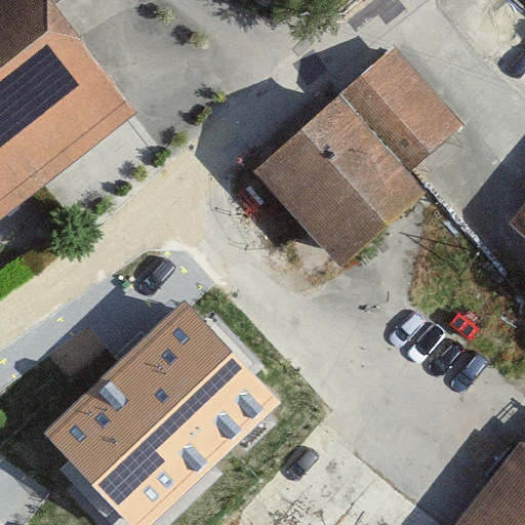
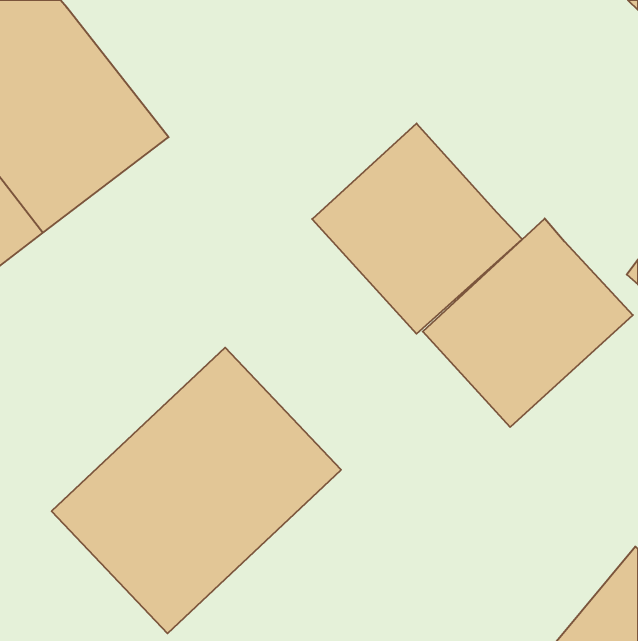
building: [339,55,458,175] -> none
building: none -> [423,218,633,427]

